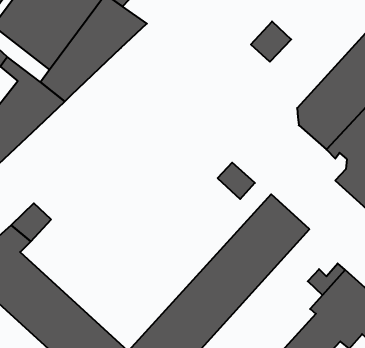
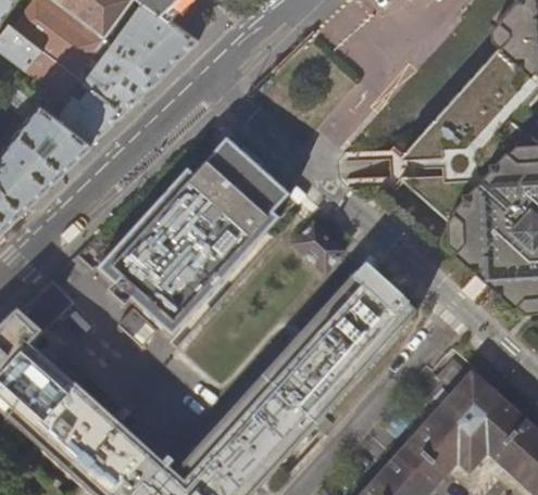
building: [251,21,291,62] -> none
building: none -> [98,138,286,333]

